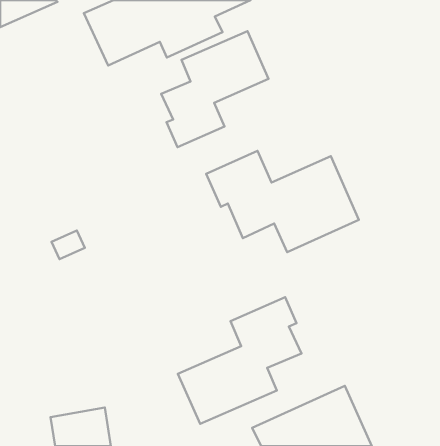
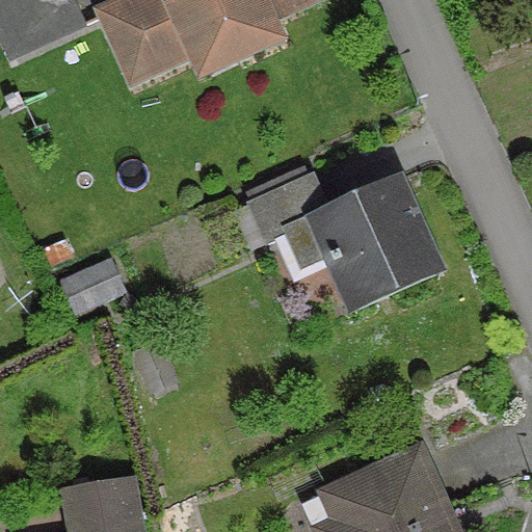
building: [161,31,269,147] -> none
building: [178,297,301,424] -> none

